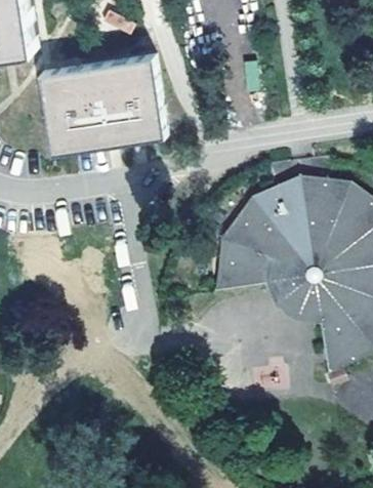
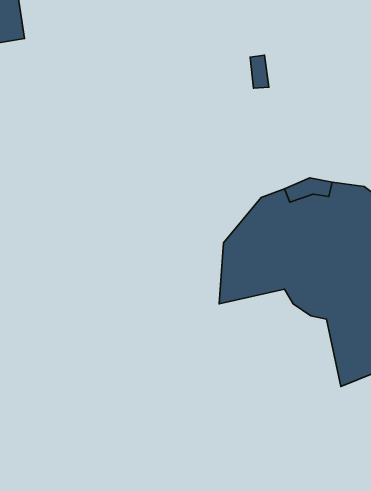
building: [42,53,167,154] -> none

